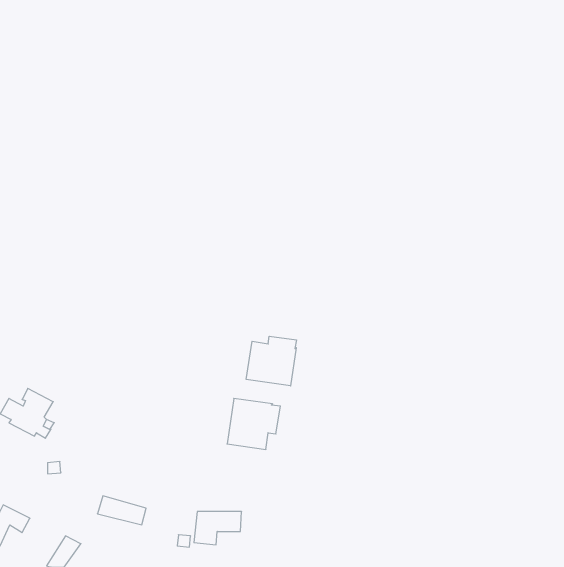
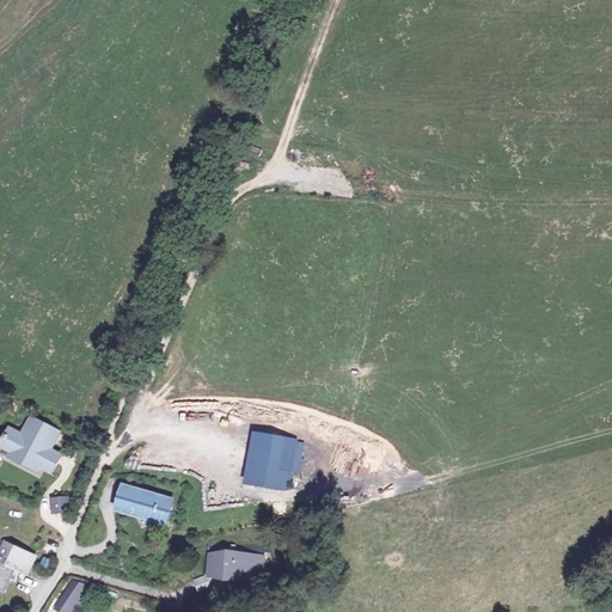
building: [246,336,296,386] -> none
building: [97,496,146,525] -> [116,488,169,519]

